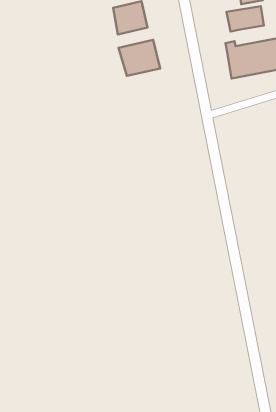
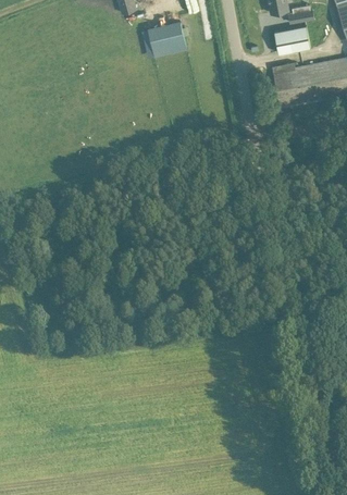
building: [119,40,160,76] -> none

